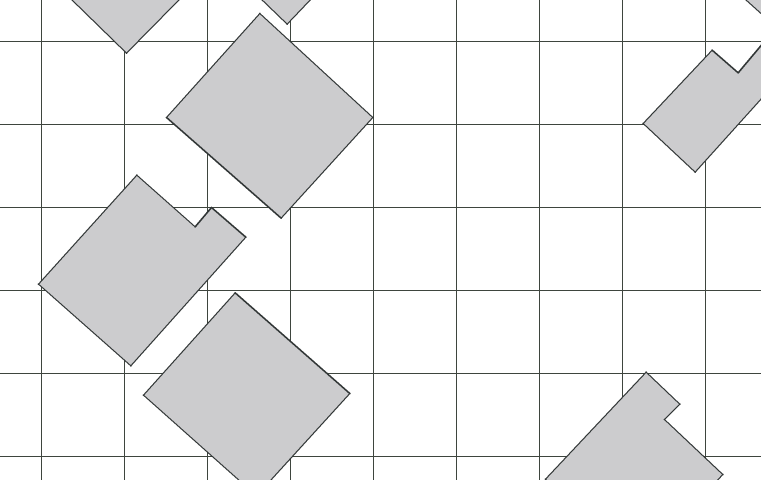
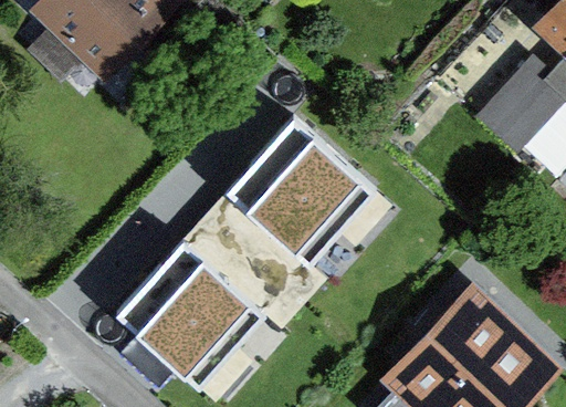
building: [167,14,373,218] -> [223,117,373,265]
building: [38,175,246,366] -> none

